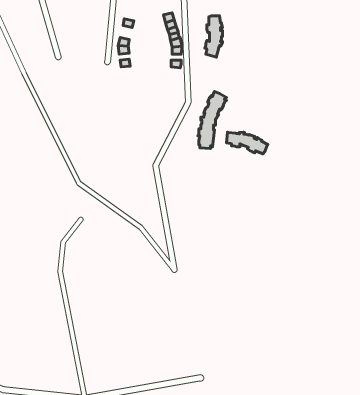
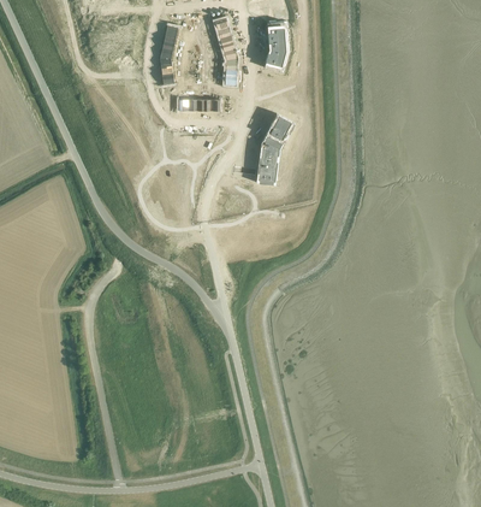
building: [226,132,268,154] -> none

